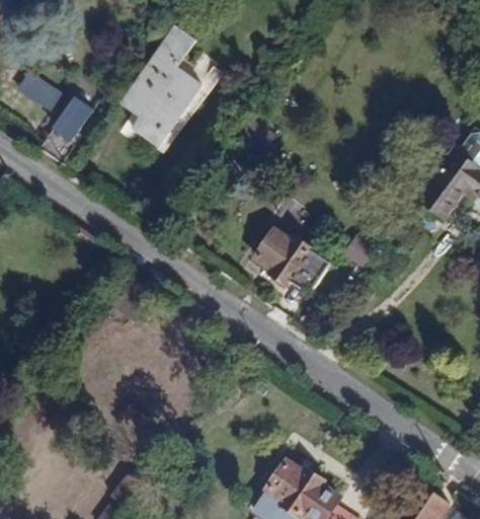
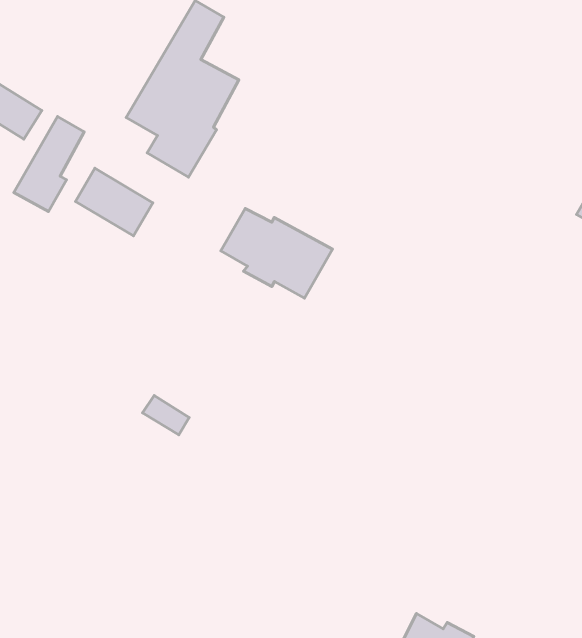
building: none -> [76,168,153,236]
building: [254,231,330,296] -> [221,208,332,298]

